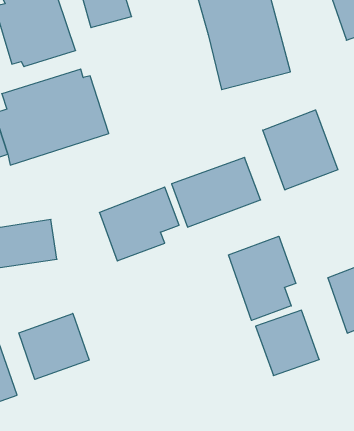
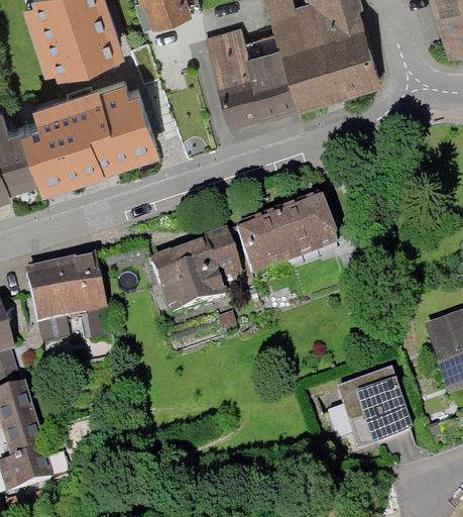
building: none -> [202,29,297,125]
building: [263,110,338,190] -> none
building: [228,236,296,320] -> none
building: [19,313,89,379] -> none

